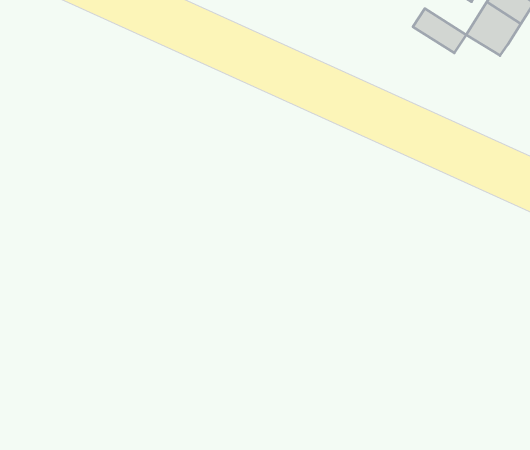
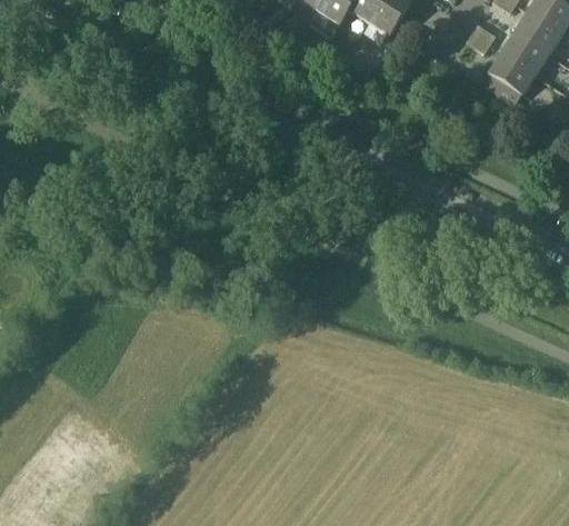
building: [413,9,466,53] -> none

